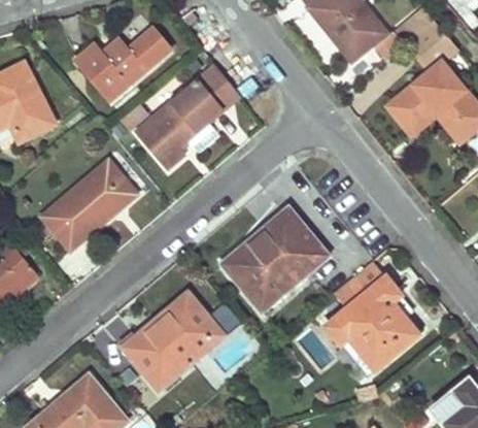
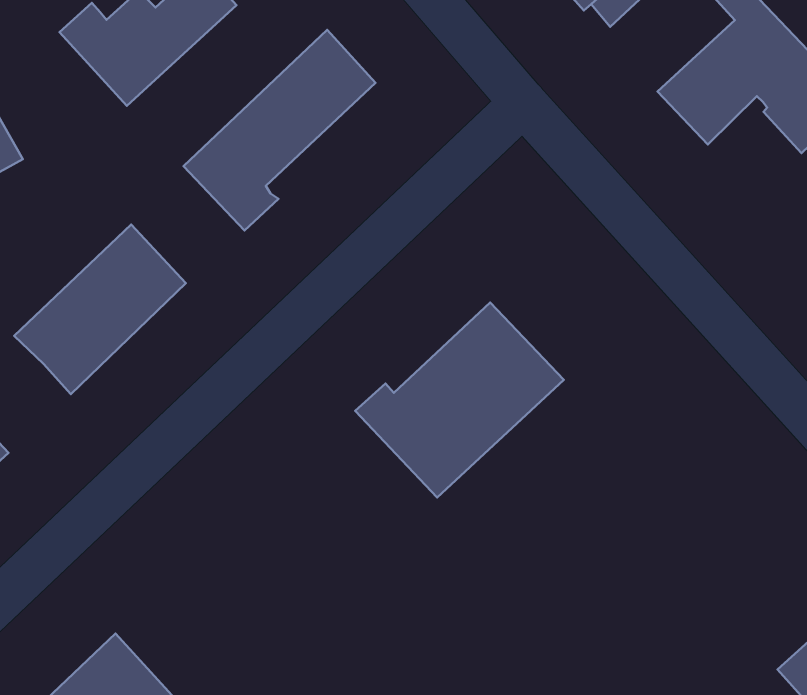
building: [326,263,420,369] -> none
building: [123,295,226,390] -> none

